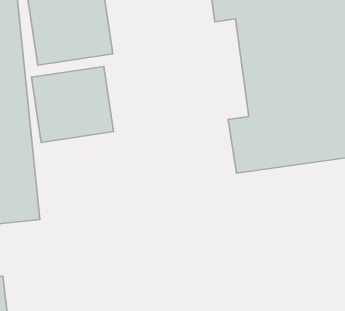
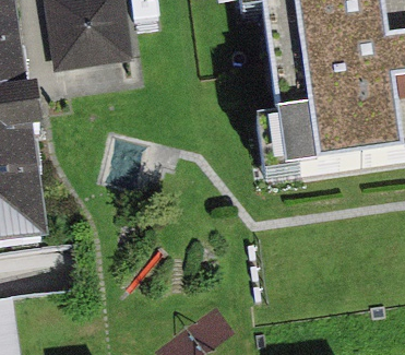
building: [31,66,114,143] -> none

